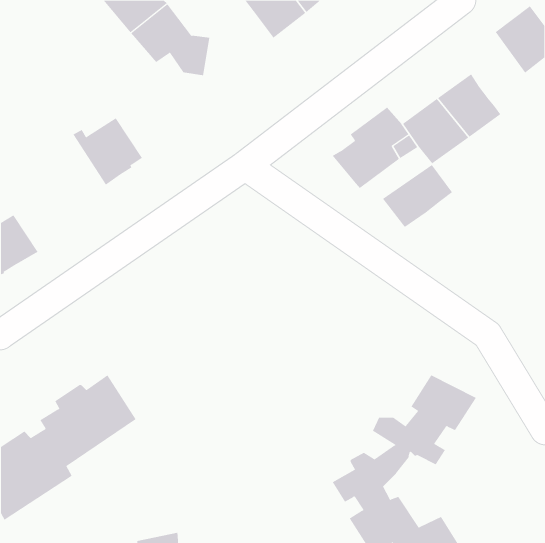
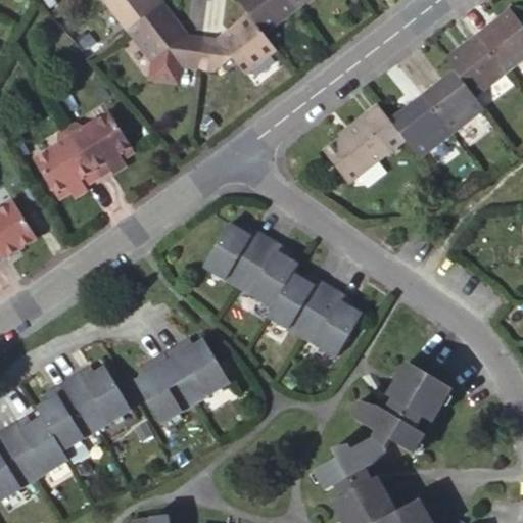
building: none -> [195,18,274,79]
building: none -> [441,33,503,97]
building: none -> [36,131,101,202]
building: [382,164,453,228] -> none
building: none -> [202,226,364,356]
building: none -> [134,334,227,421]

